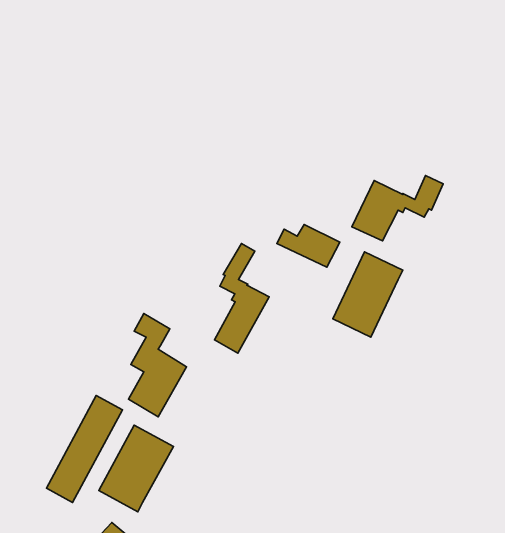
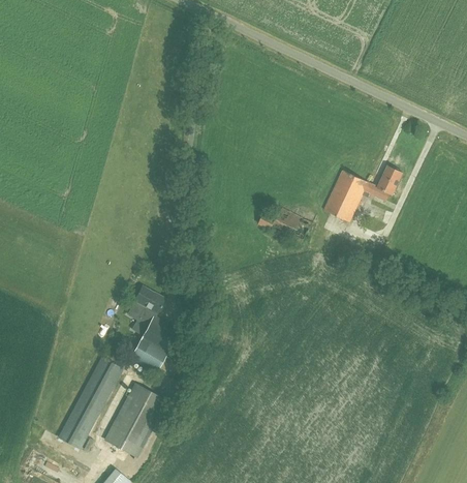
building: [214,243,269,353] -> none
building: [333,252,403,337] -> none

